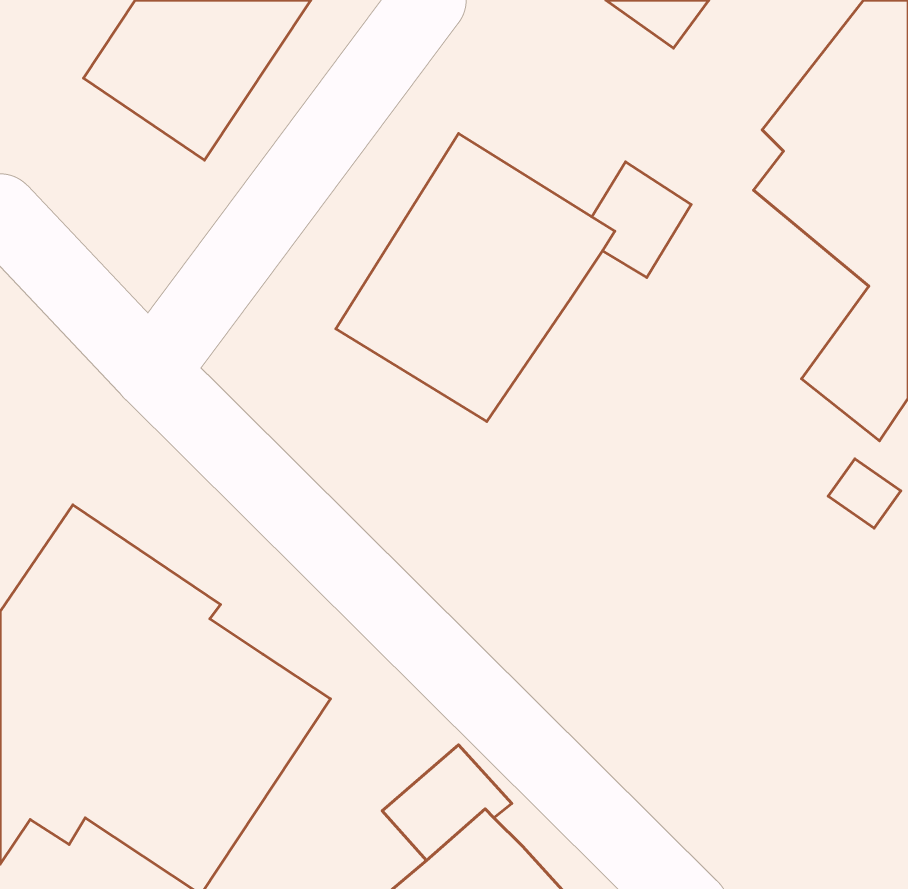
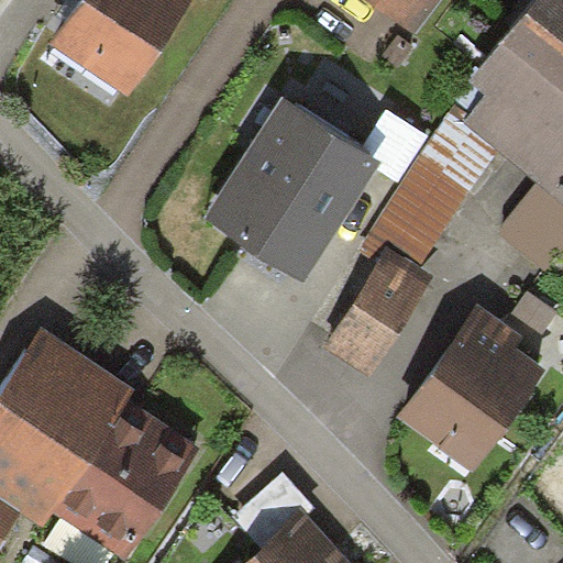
building: none -> [376,122,498,262]
building: none -> [325,251,430,375]
building: none -> [398,301,542,461]

